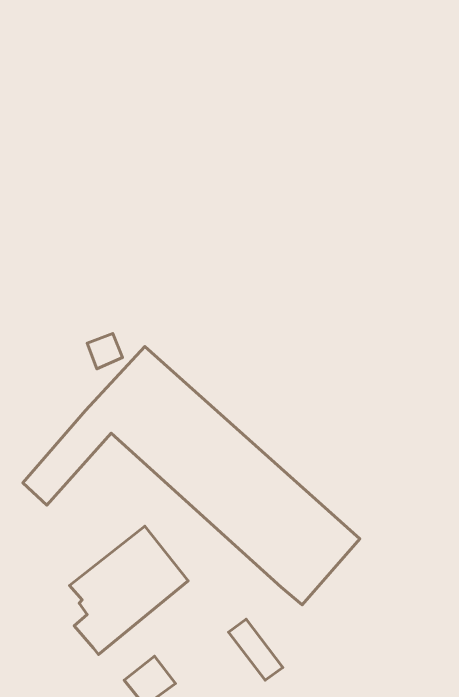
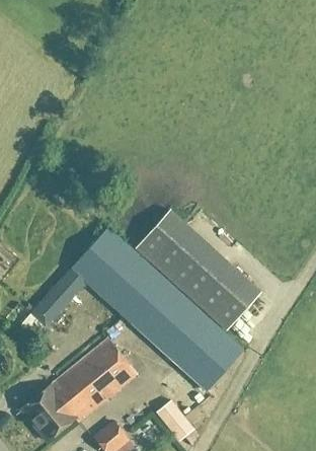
building: none -> [135,208,262,330]
building: none -> [21,378,75,441]

